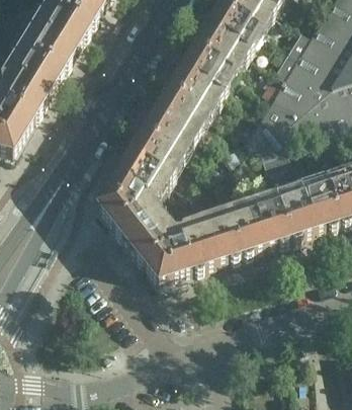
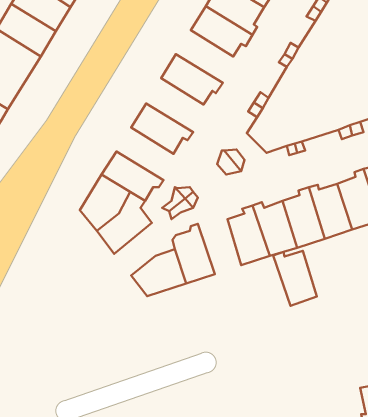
building: [181,46,232,92] -> none
building: [155,88,205,136] -> none
building: [128,132,179,178] -> none
building: [200,213,239,261] -> [273,251,317,306]
building: [126,216,180,262] -> none

